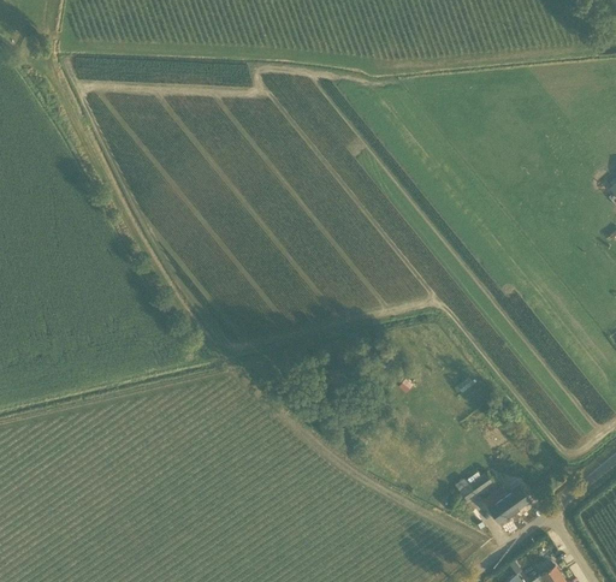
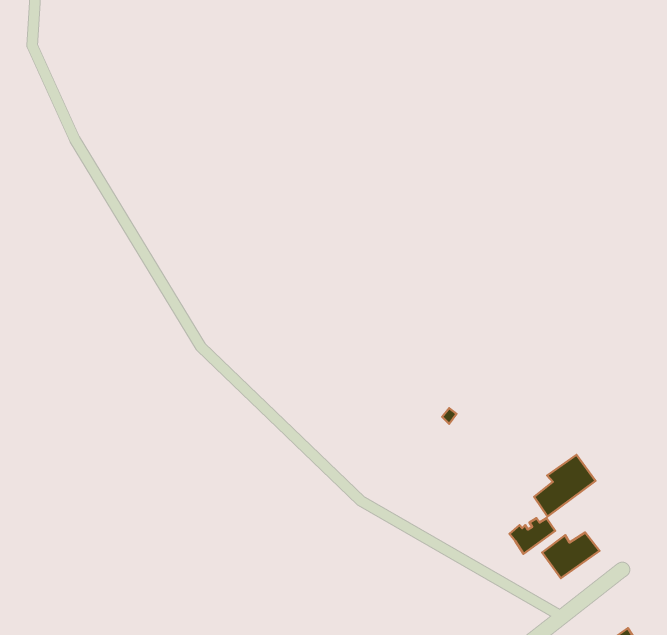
building: none -> [534,455,596,516]

